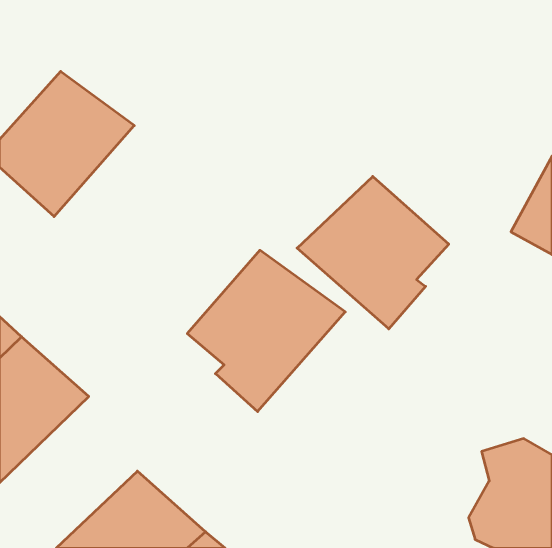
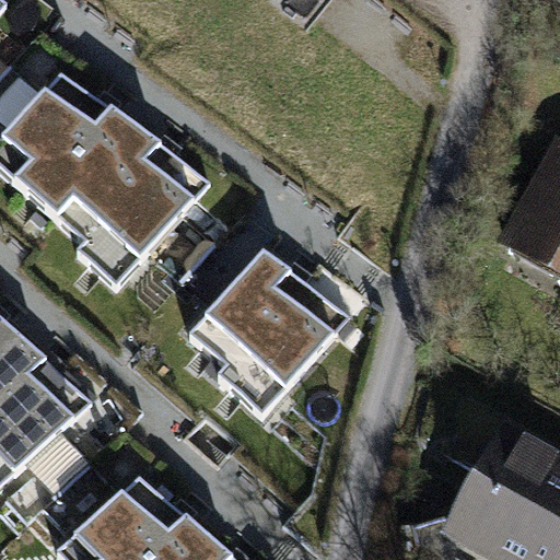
building: none -> [55,127,209,288]
building: [297,176,449,329] -> none

